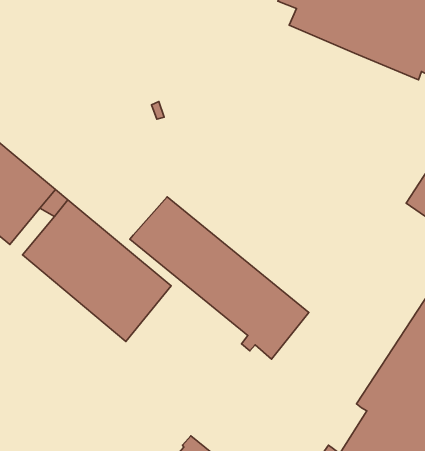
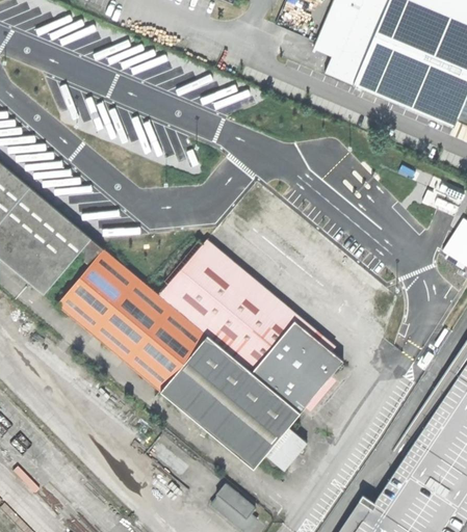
building: none -> [160,335,309,471]

